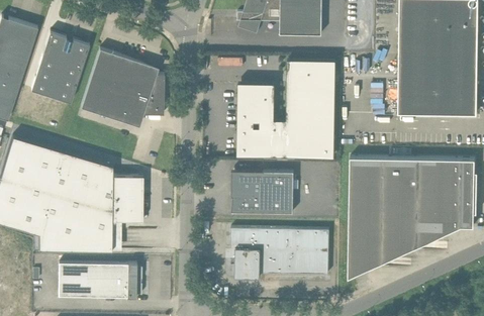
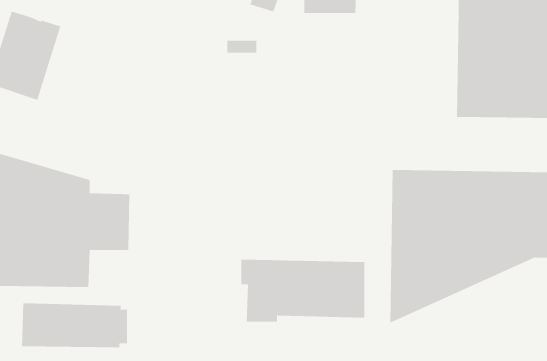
building: [81,48,164,125] -> none
building: [237,60,335,156] -> none
building: [231,172,294,213] -> none

